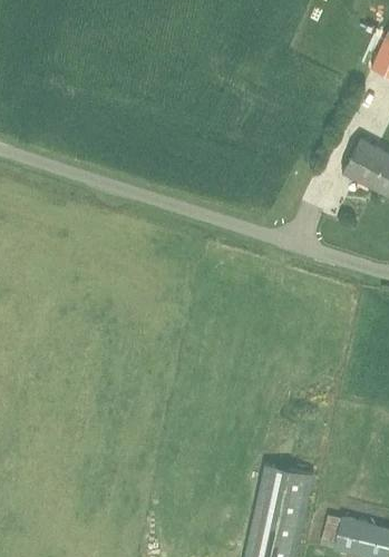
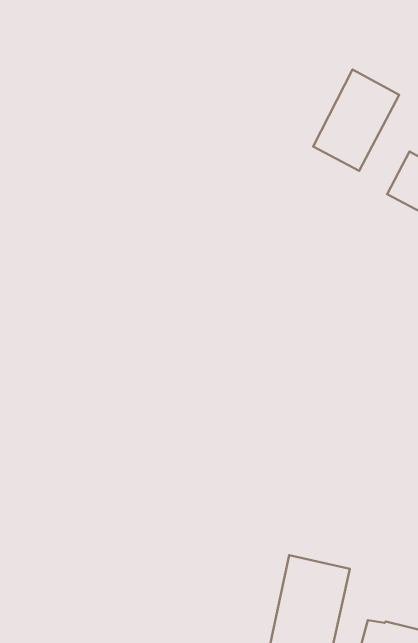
building: none -> [313,69,399,171]

